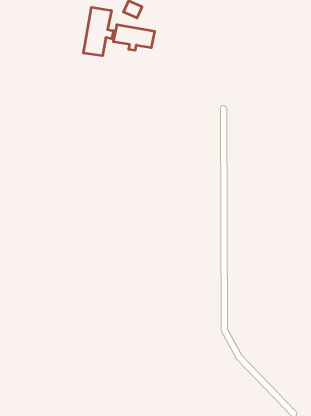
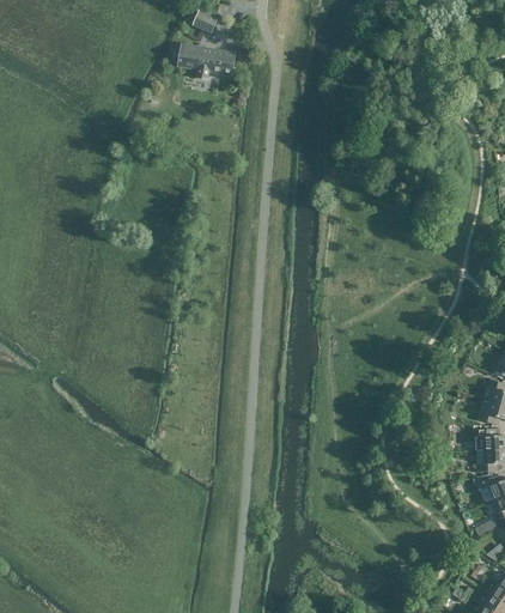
building: [83,7,113,56] -> none

